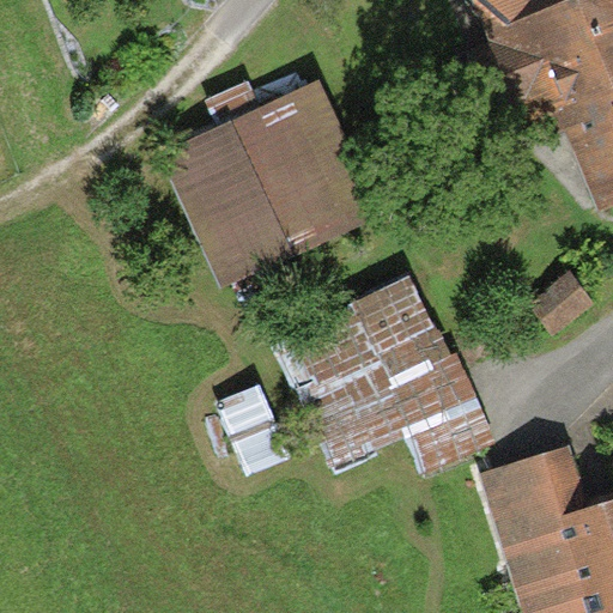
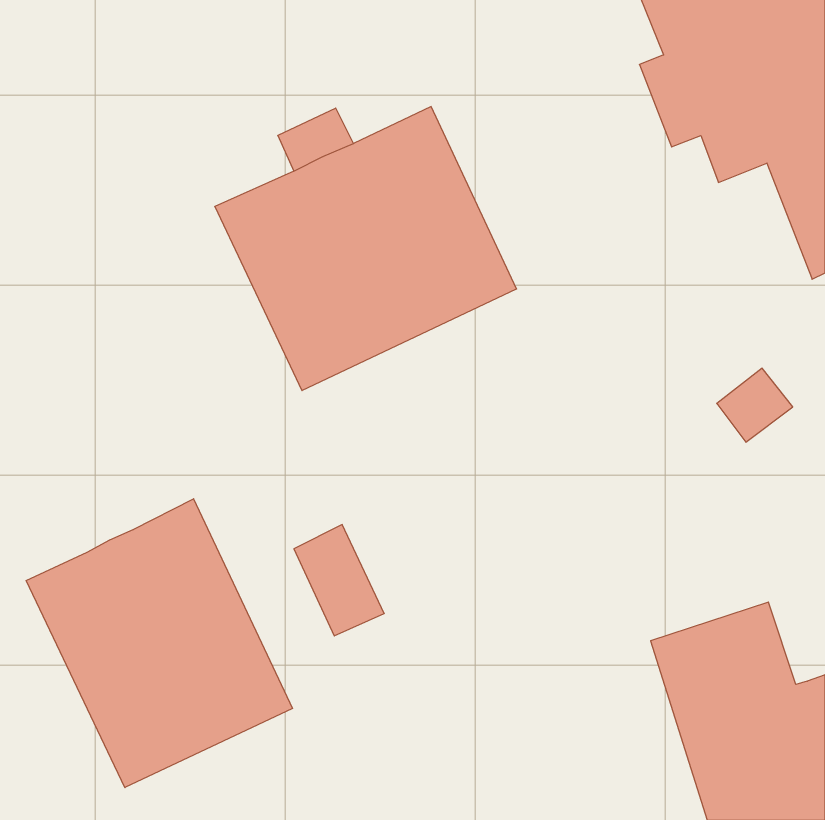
building: [292,279,496,473] -> none
building: none -> [26,499,293,788]

